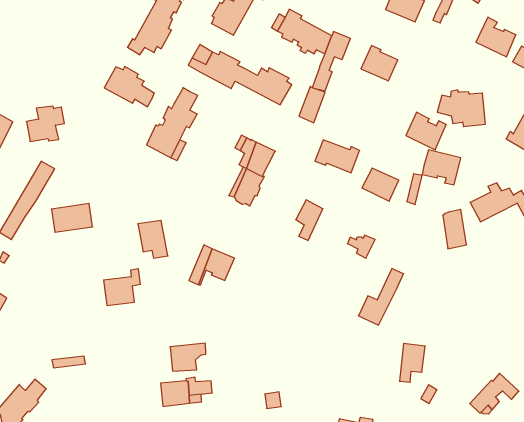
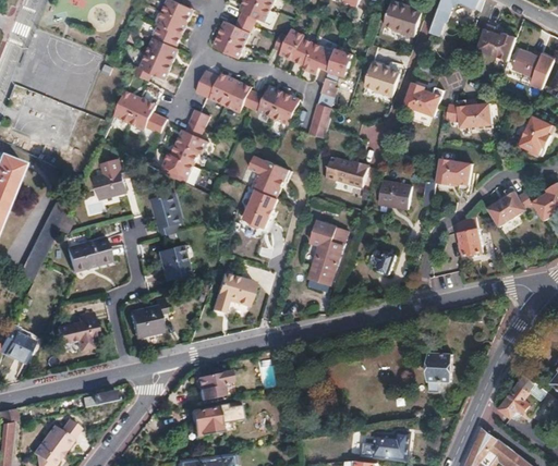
building: [26,106,64,142] -> [93,167,131,204]
building: [406,112,446,150] -> [404,79,444,115]
building: none -> [151,199,183,242]
building: [358,268,404,325] -> [310,225,351,283]
building: none -> [56,311,96,350]

